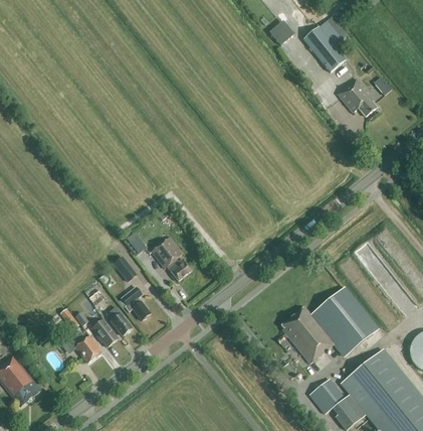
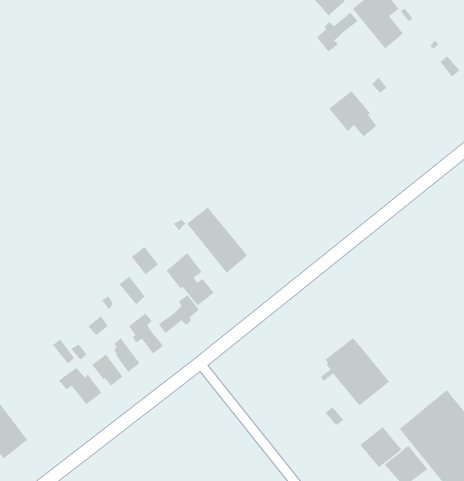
building: none -> [316,12,358,53]
building: [337,78,377,116] -> [328,90,377,137]
building: none -> [186,207,248,274]
building: none -> [158,294,200,334]
building: [312,289,379,356] -> none

